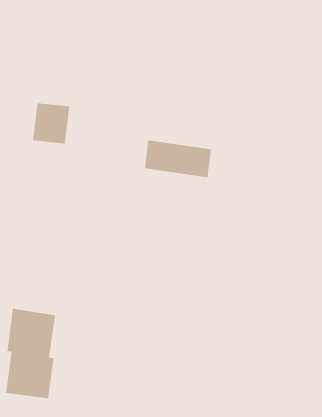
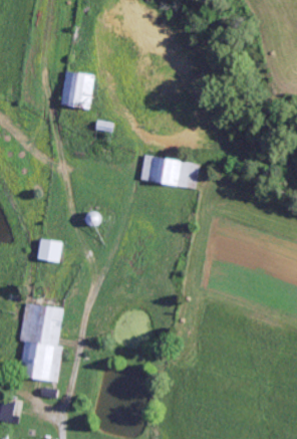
building: [32,103,70,144] -> [60,71,93,107]
building: none -> [37,238,61,262]

